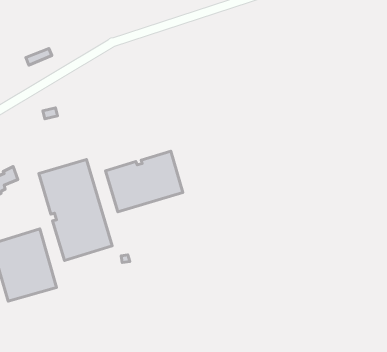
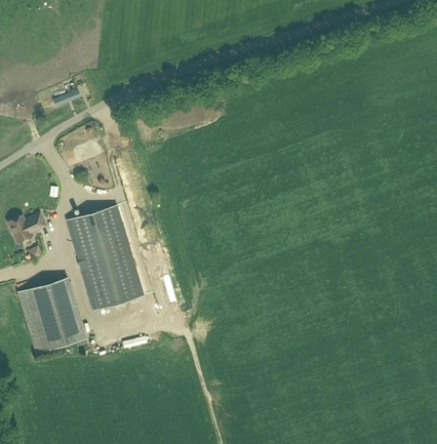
building: [105,151,183,212] -> none

